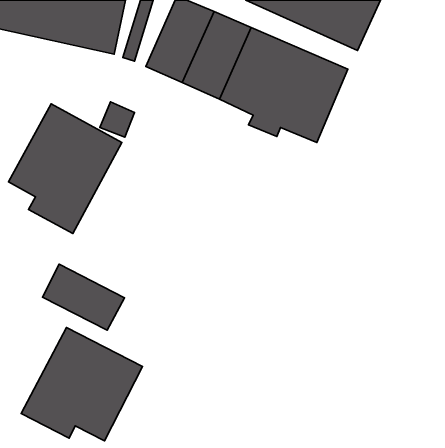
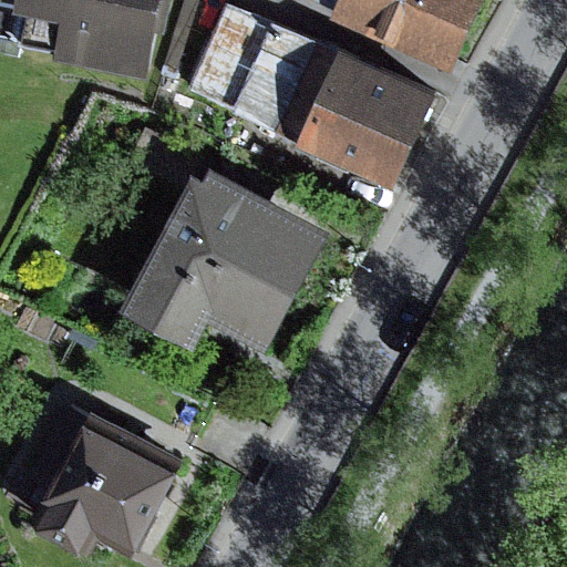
building: [8,104,122,234] -> none
building: none -> [120,163,329,349]
building: [42,264,124,330] -> none

